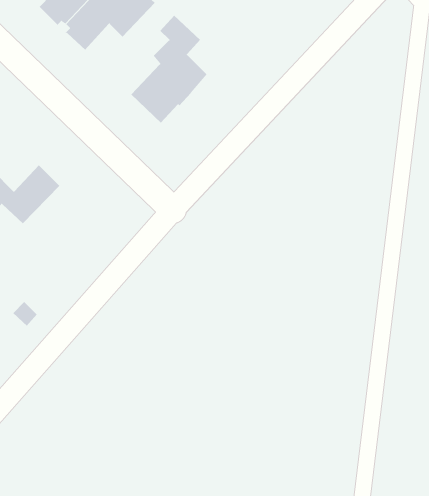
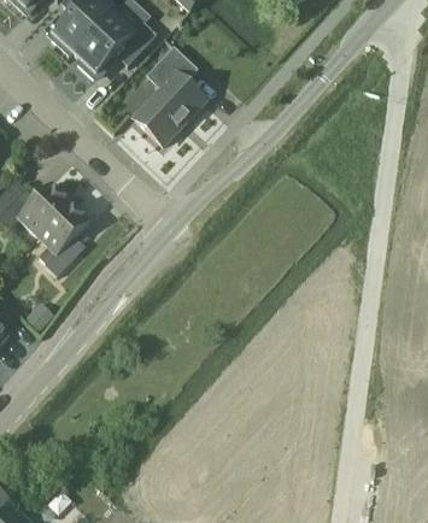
building: none -> [36,199,89,274]

